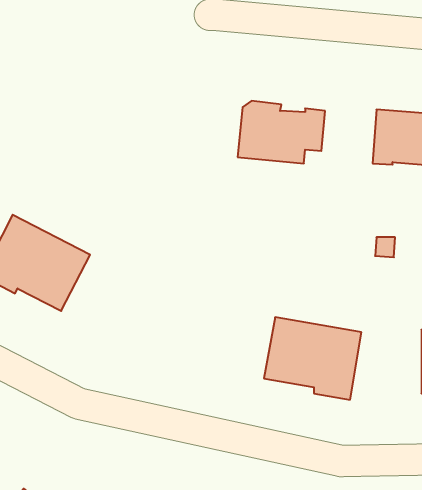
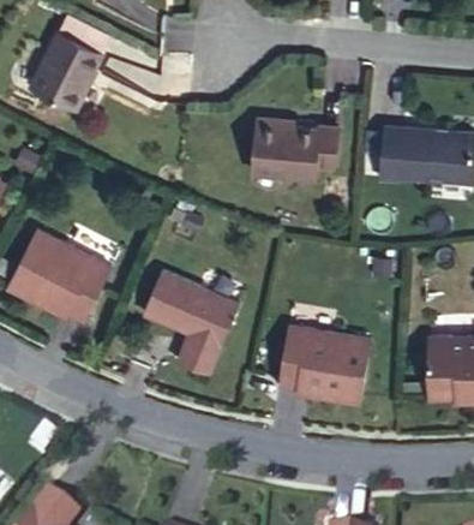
building: none -> [30,28,102,106]
building: none -> [144,269,241,374]

